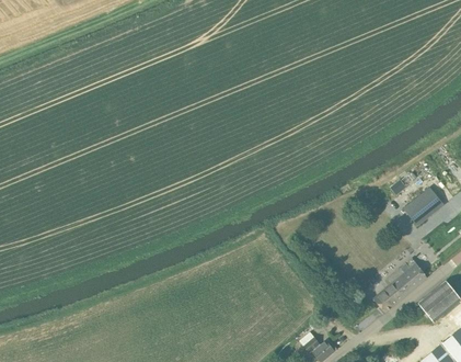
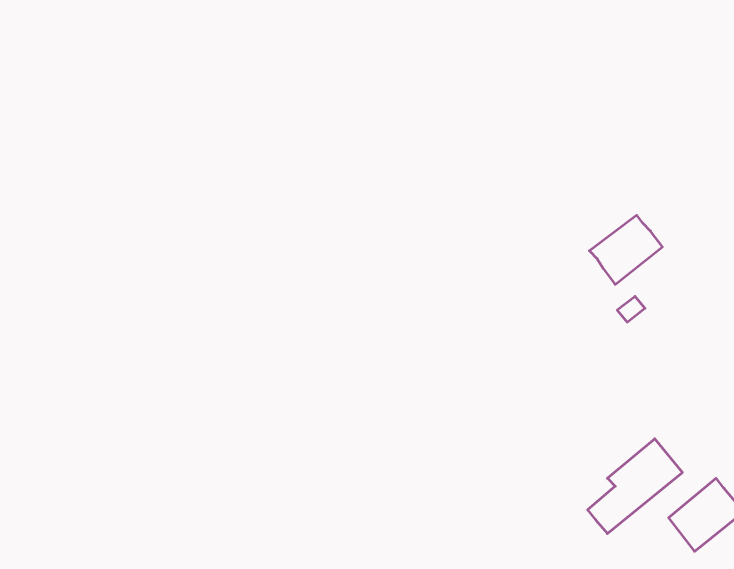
building: [402,186,442,225] -> [589,215,662,284]

